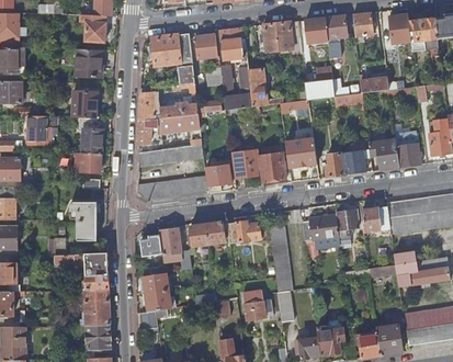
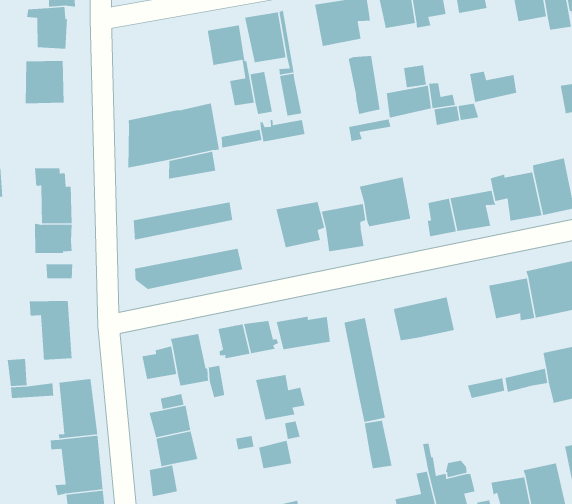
building: [151,33,194,86] -> none
building: [248,69,267,106] -> [348,55,381,115]
building: [72,90,98,117] -> none
building: [137,117,165,146] -> none
building: [205,165,231,193] -> none
building: [336,211,358,245] -> none
building: [242,292,273,320] -> [255,374,305,420]

